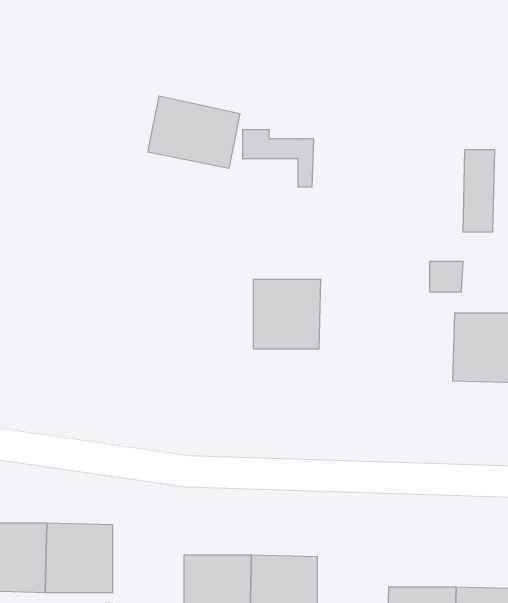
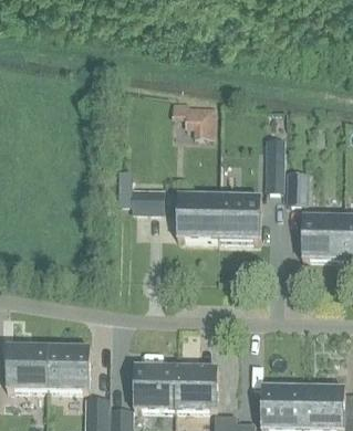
building: [148,96,240,168] -> none
building: [463,150,495,232] -> [264,139,284,190]
building: none -> [132,188,164,213]
building: none -> [218,195,260,239]

